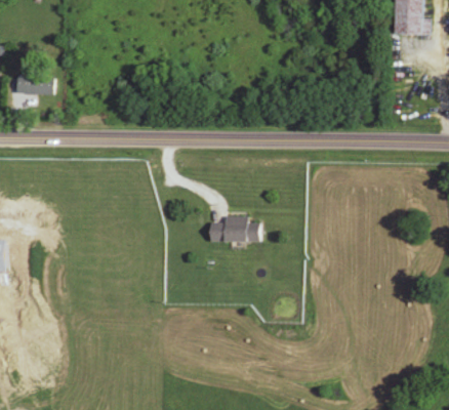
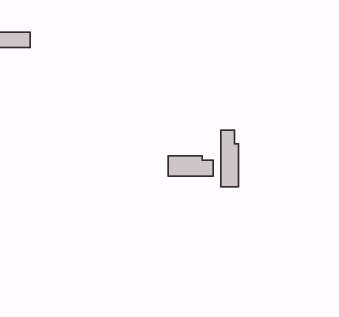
building: none -> [221,130,238,187]

